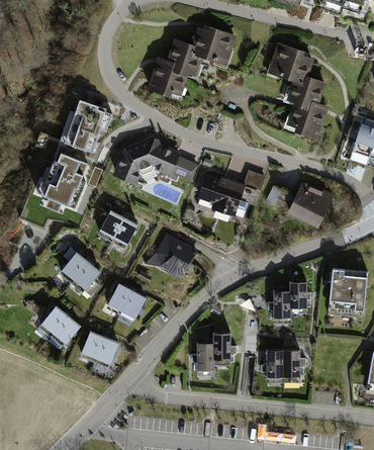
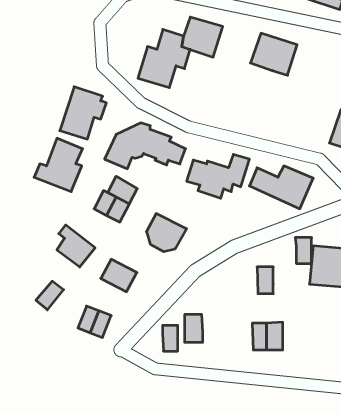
building: [283,77,329,139] -> none
building: none -> [108,176,137,204]
building: [289,281,306,308] -> [295,238,312,263]
building: [51,314,80,346] -> none
building: [214,332,230,359] -> [163,325,178,351]

